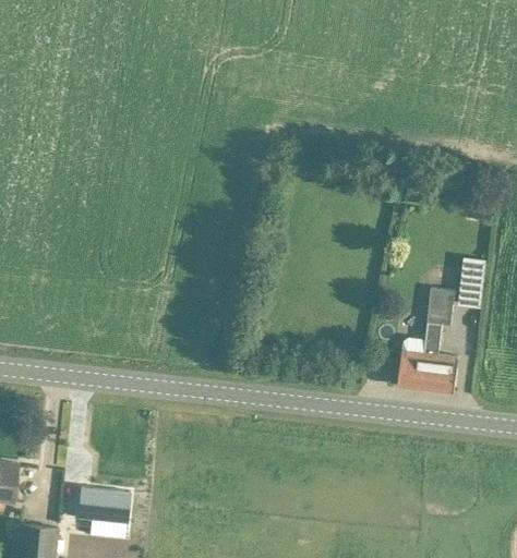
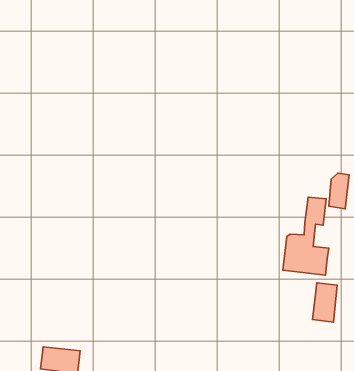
building: none -> [312,283,337,322]

